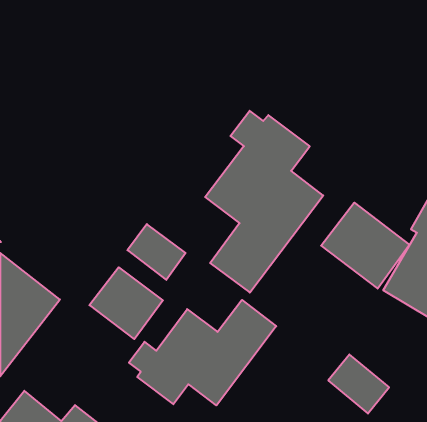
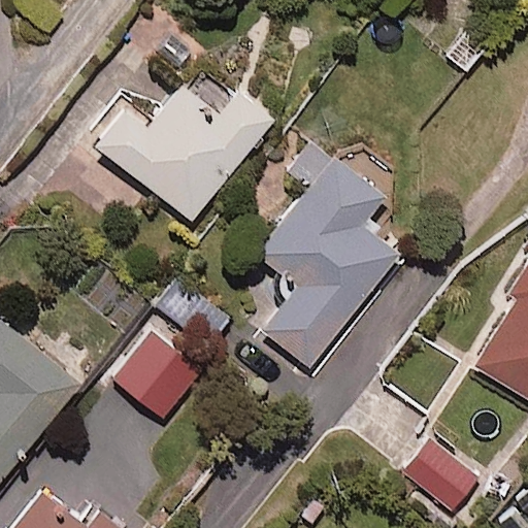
building: none -> [95,59,272,221]
building: [321,203,410,289] -> none
building: [129,300,276,405] -> none

